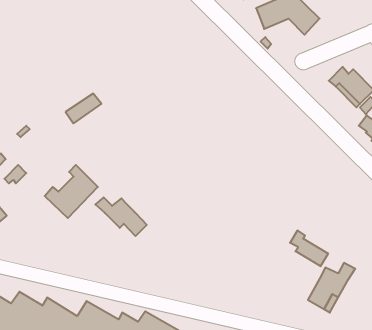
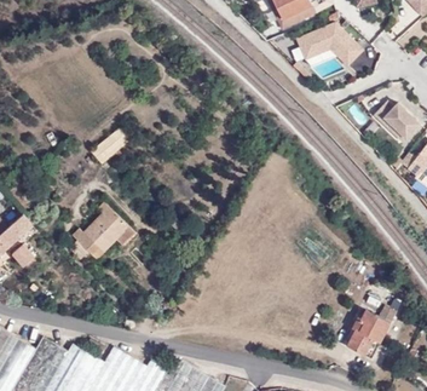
building: [95,197,147,236] -> none
building: [290,230,328,266] -> none

